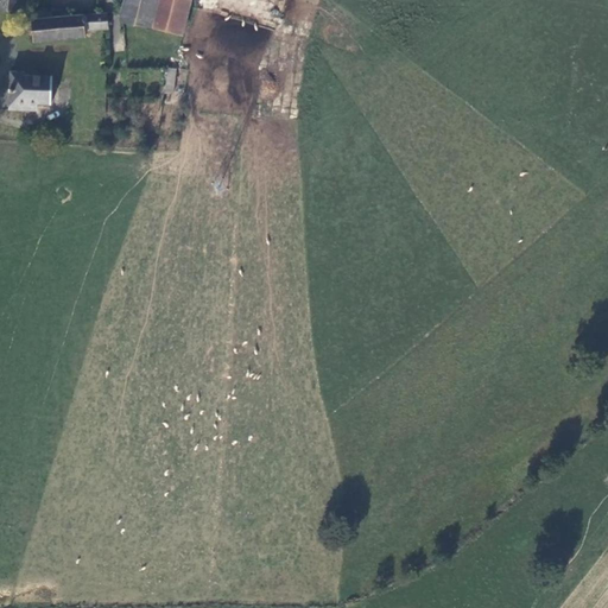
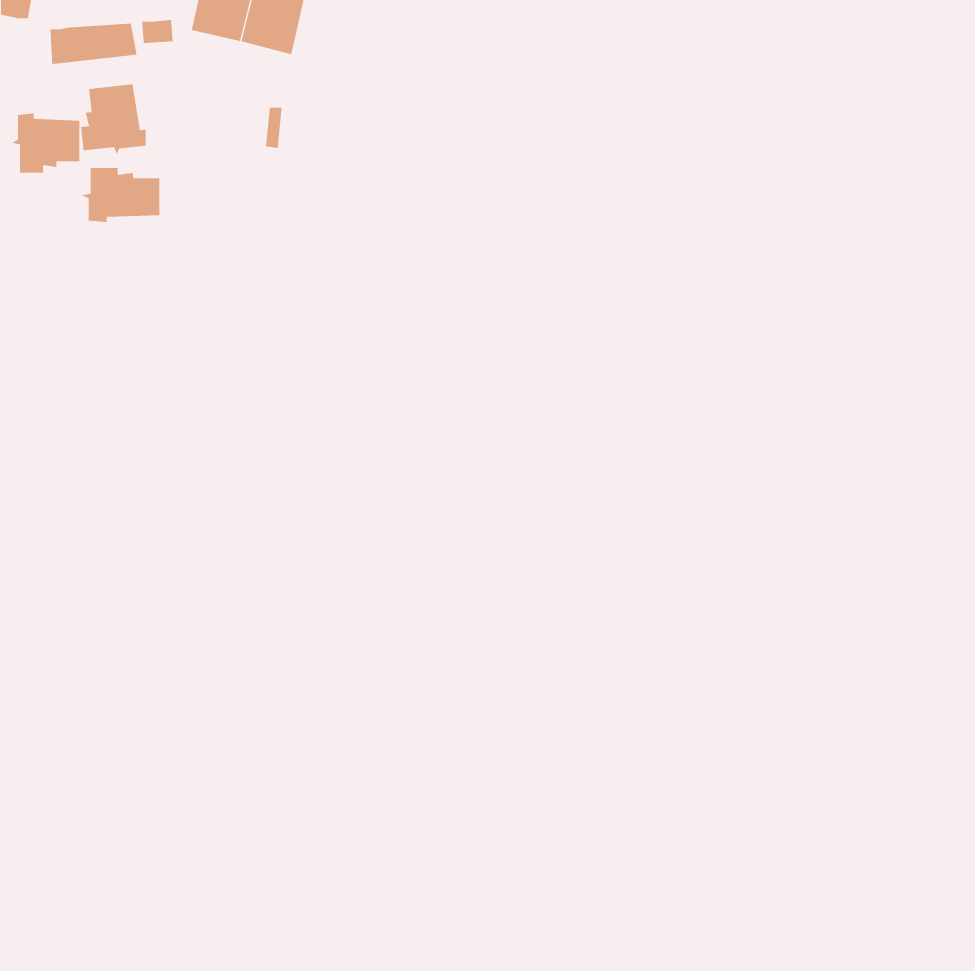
building: none -> [80,84,147,155]
building: none -> [81,167,160,223]

